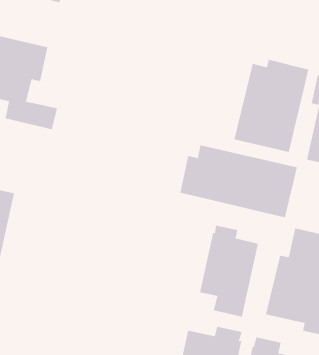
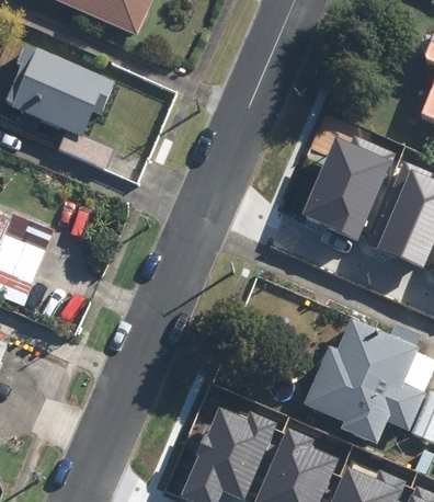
building: [180,144,298,218] -> none
building: [199,225,259,318] -> none

